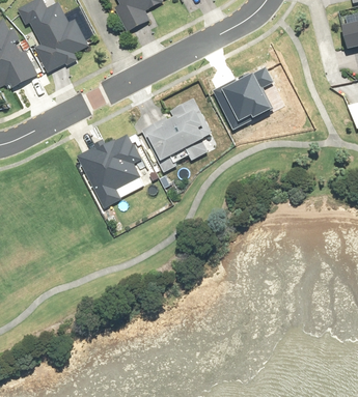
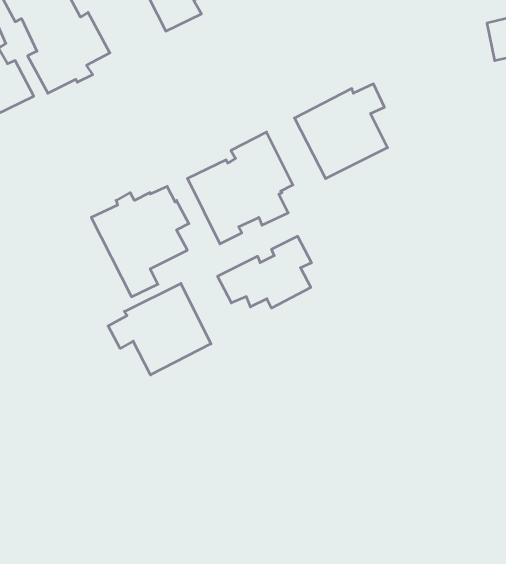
building: none -> [218,236,311,308]
building: none -> [108,283,211,375]

